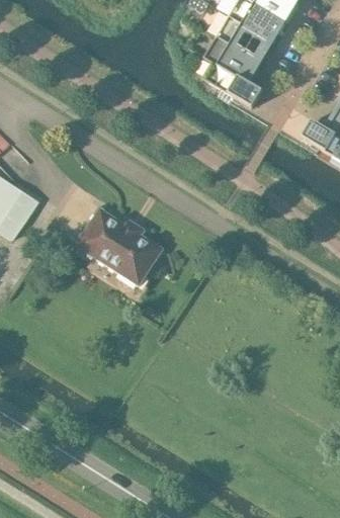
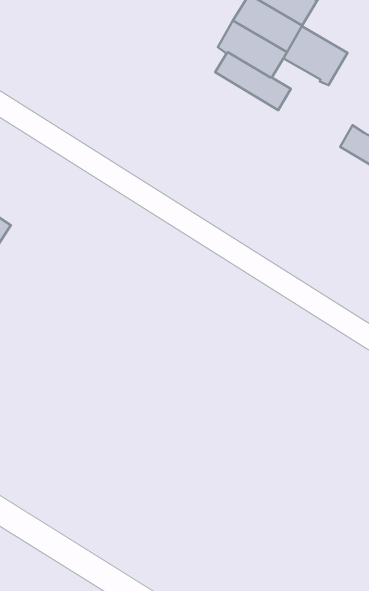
building: none -> [284,26,347,85]
building: [80,211,161,283] -> none

